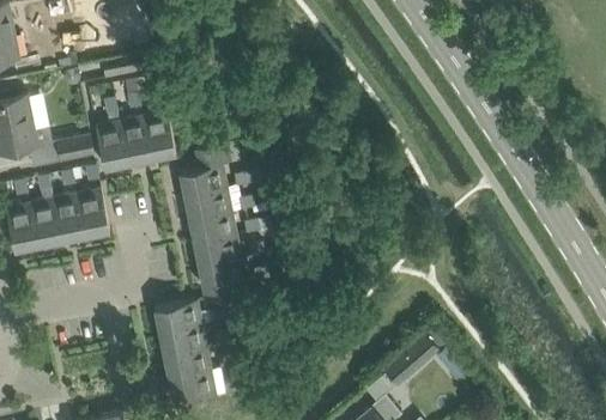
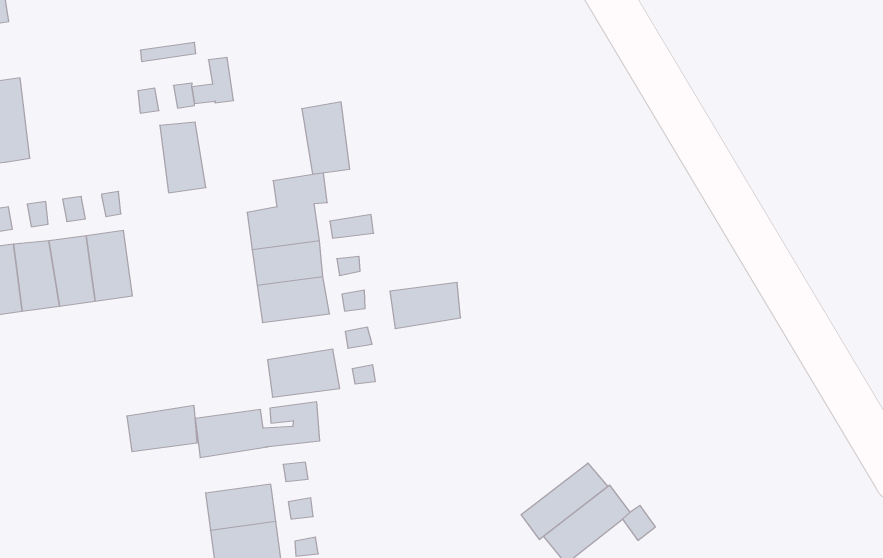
building: [141,111,175,159] -> [302,102,350,174]
building: [95,121,127,169] -> none
building: [55,135,92,163] -> none
building: [193,236,240,268] -> [390,282,461,328]
building: none -> [521,463,608,540]
building: [158,324,205,357] -> [127,406,197,452]

